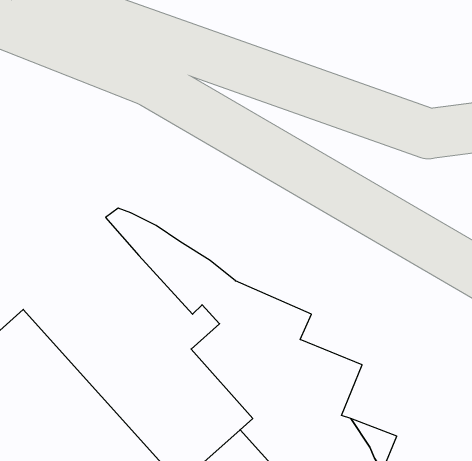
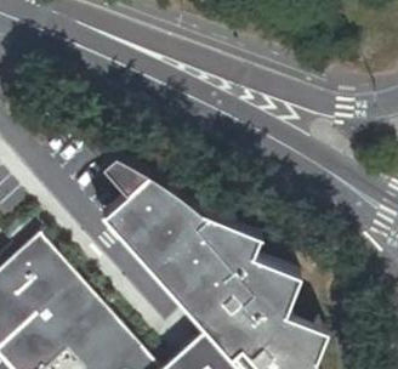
building: none -> [104,197,215,330]

